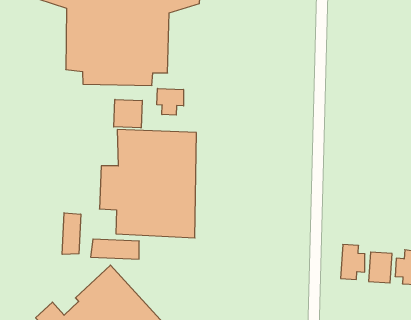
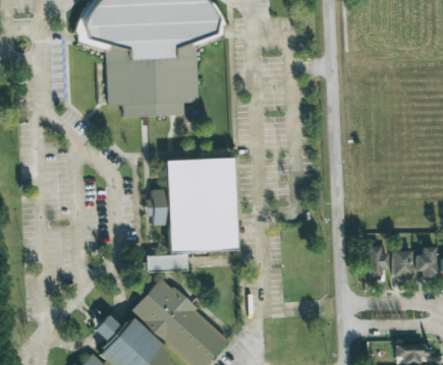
building: [157,88,184,115] -> none
building: [114,99,142,128] -> none
building: [62,213,81,254] -> none

